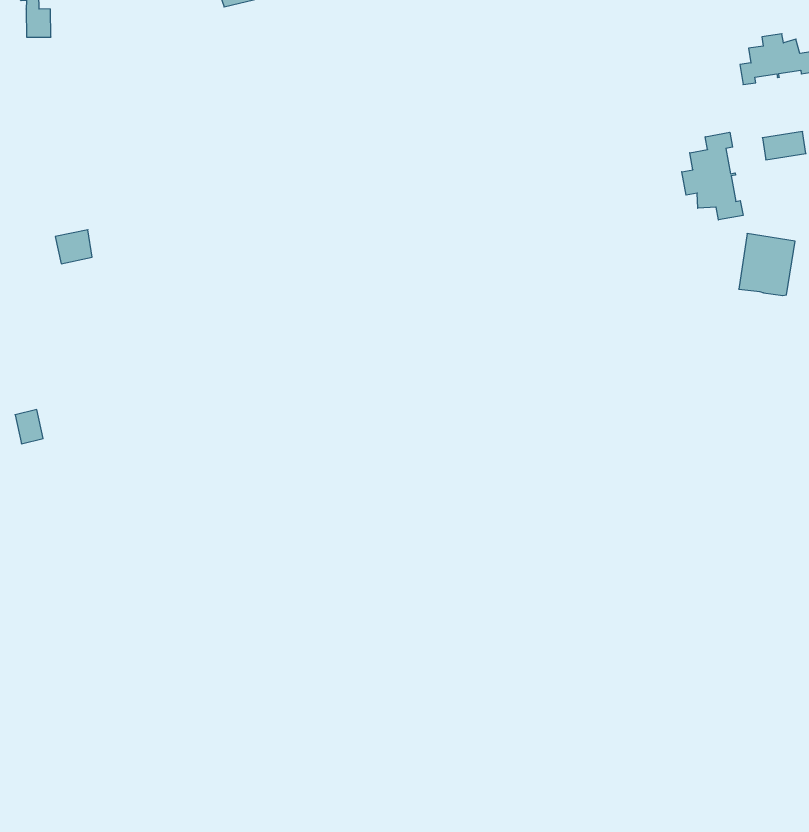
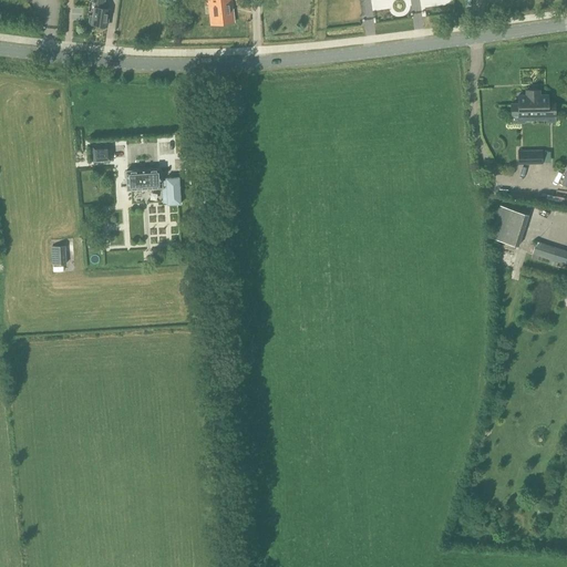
building: [682,132,743,220] -> none
building: none -> [126,169,181,205]

